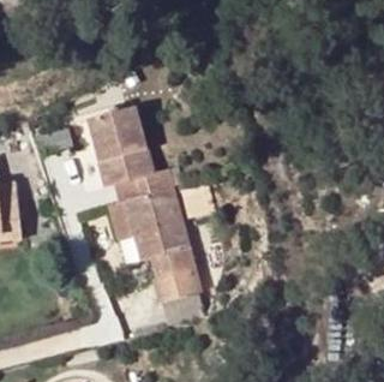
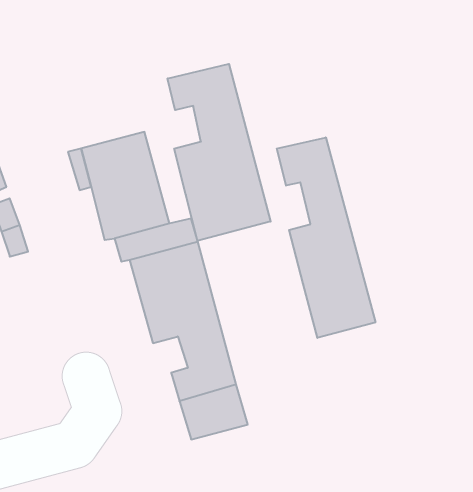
building: none -> [168,64,271,241]
building: none -> [277,137,375,338]

